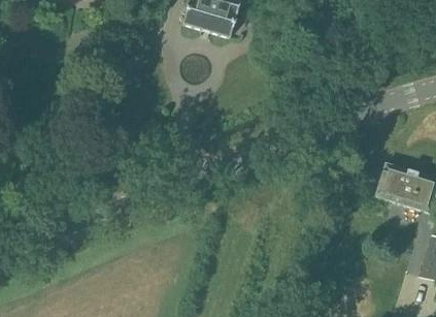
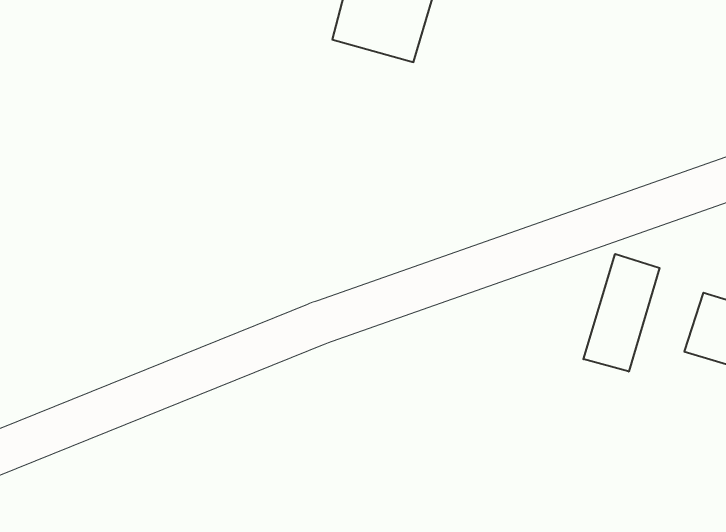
building: none -> [583,254,660,372]

